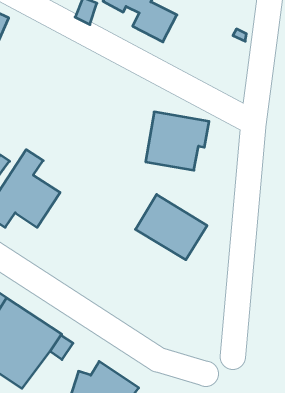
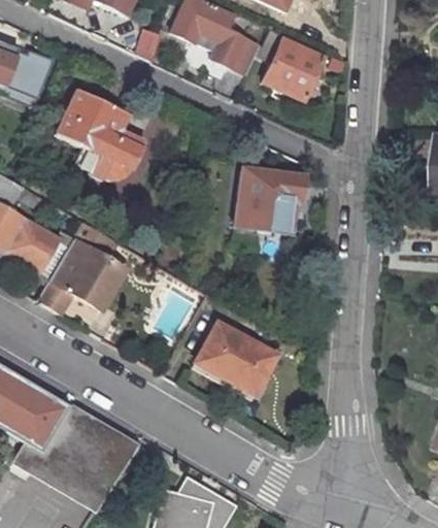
building: none -> [260,34,327,103]
building: none -> [56,88,146,179]
building: [135,194,207,260] -> [193,319,280,397]

